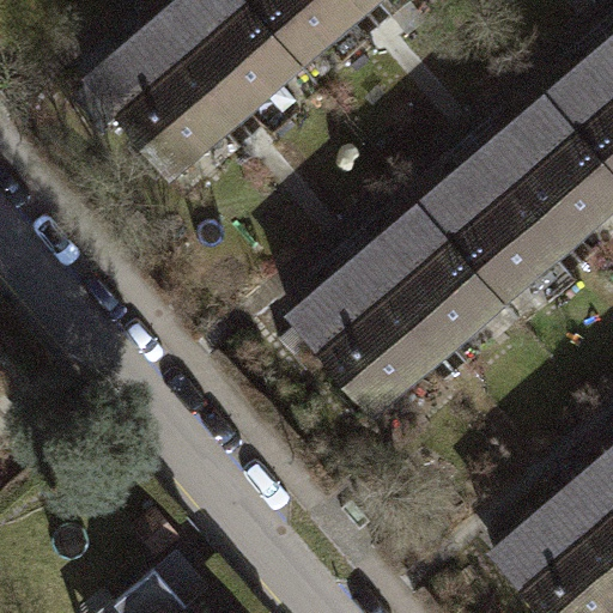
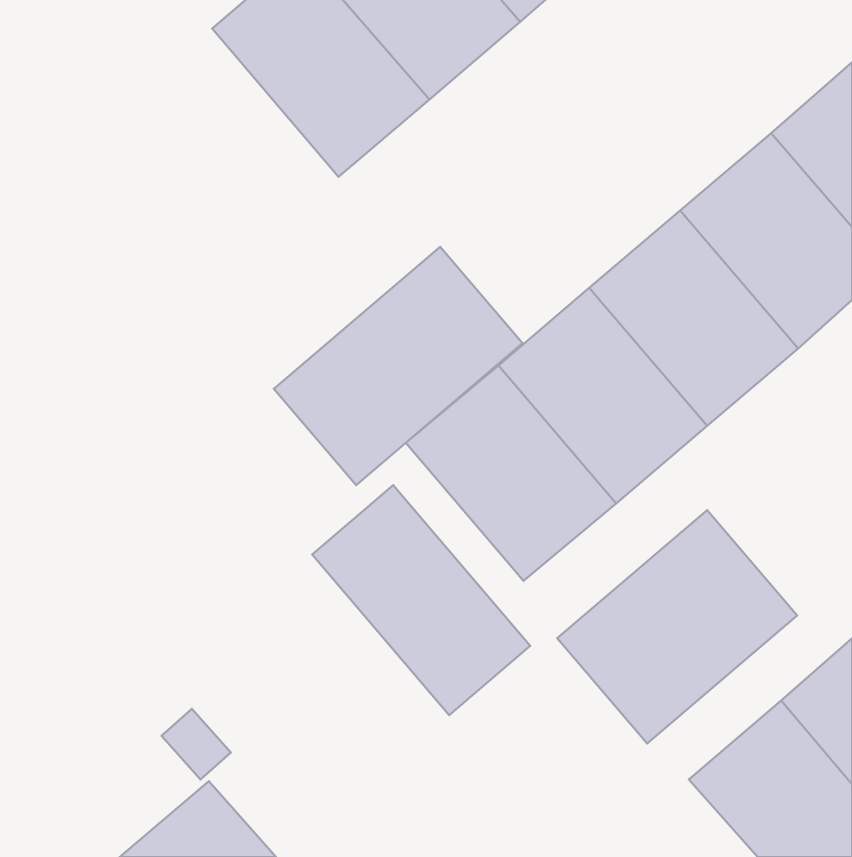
building: [86,20,241,181] -> none
building: none -> [274,247,523,485]
building: none -> [312,485,530,715]
building: none -> [557,510,797,744]

